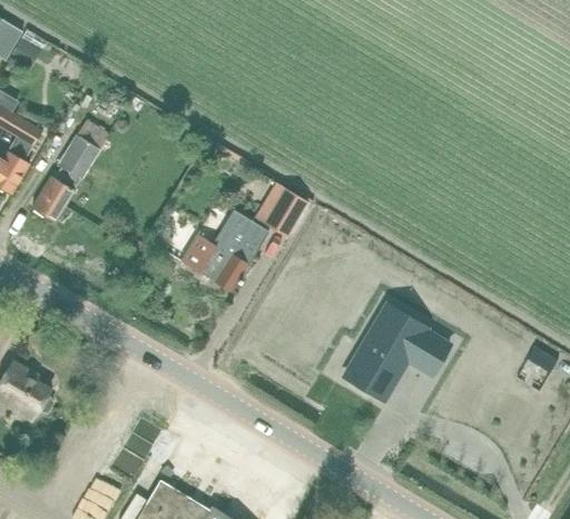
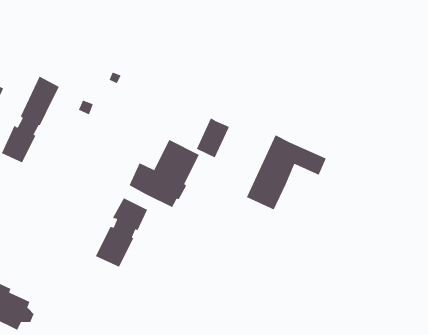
building: none -> [95,197,148,268]
building: [347,309,449,400] -> [246,134,327,211]

